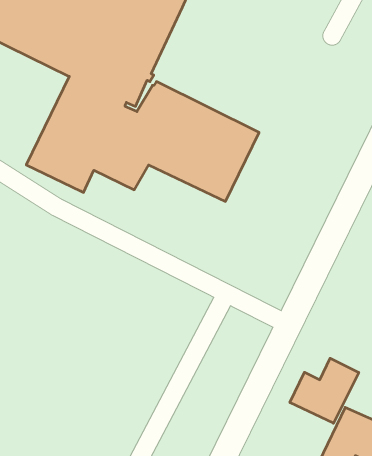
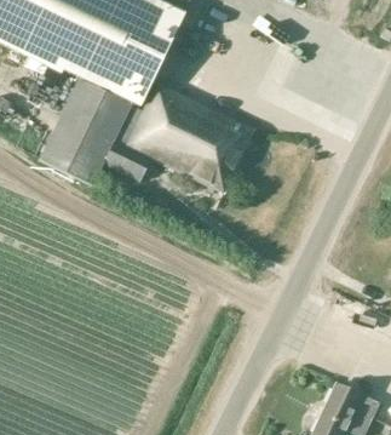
building: [290,358,359,423] -> none

